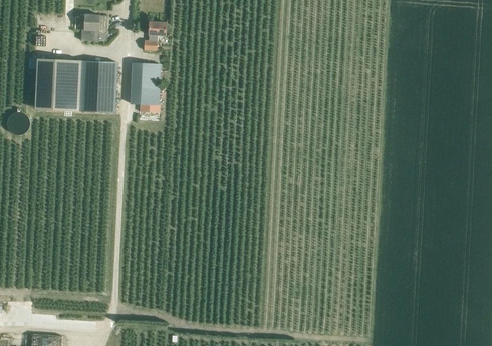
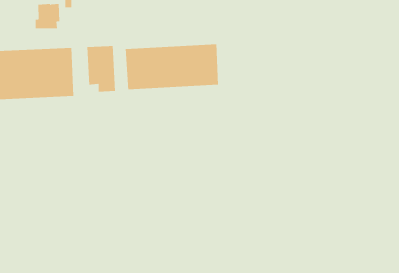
building: [144,21,167,50] -> none
building: none -> [125,44,218,90]

